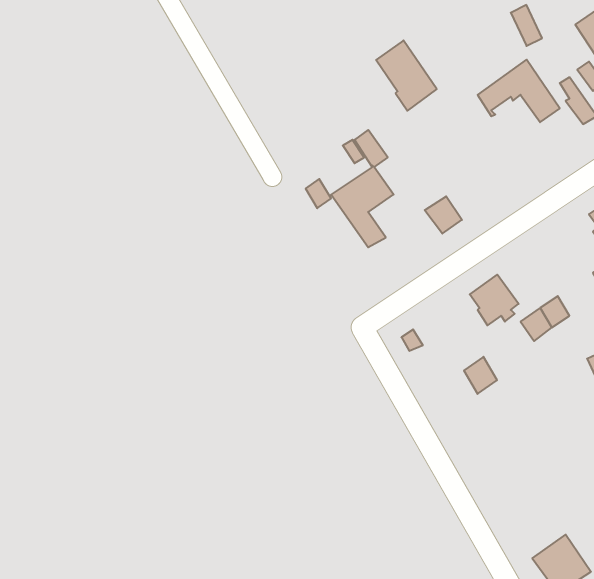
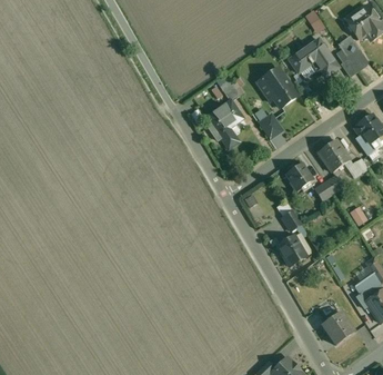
building: [376,40,437,111] -> [262,68,296,108]
building: none -> [318,139,349,171]
building: none -> [278,235,305,264]

